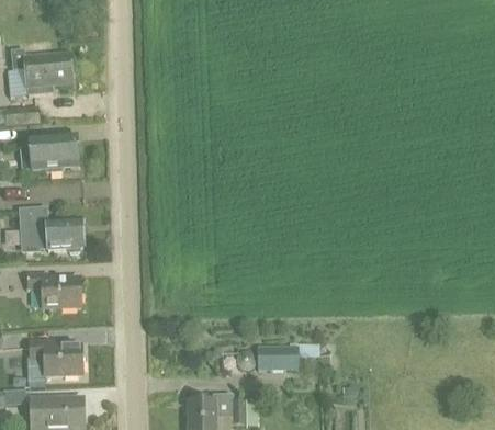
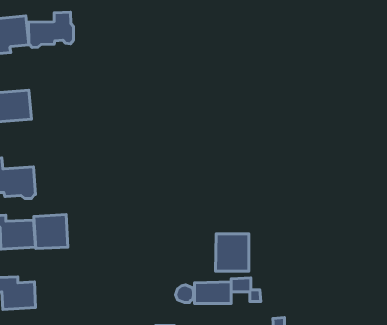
building: none -> [29,12,74,48]
building: none -> [34,214,68,248]
building: none -> [216,234,249,271]

